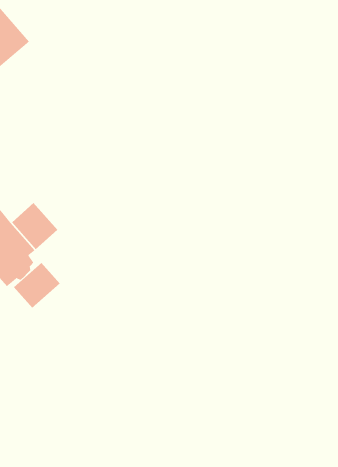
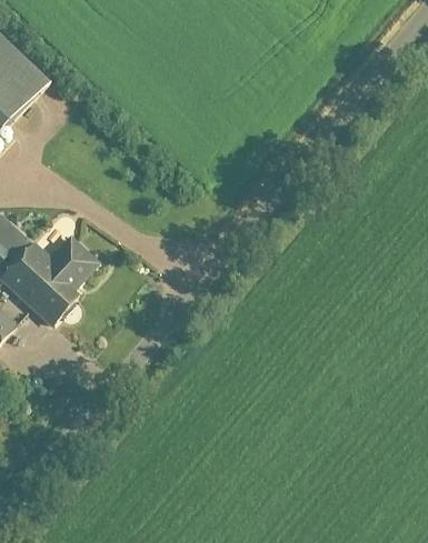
building: [13,262,60,308] -> none

